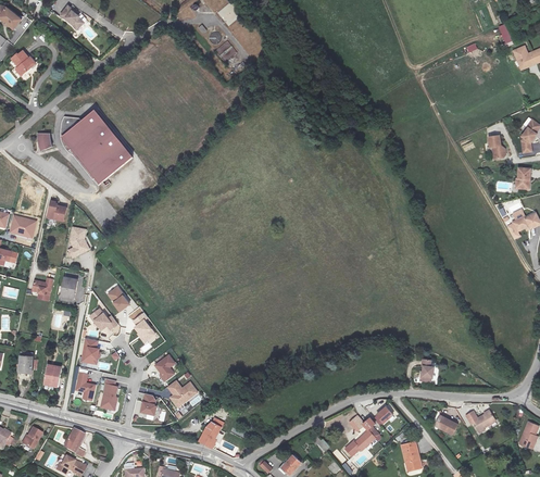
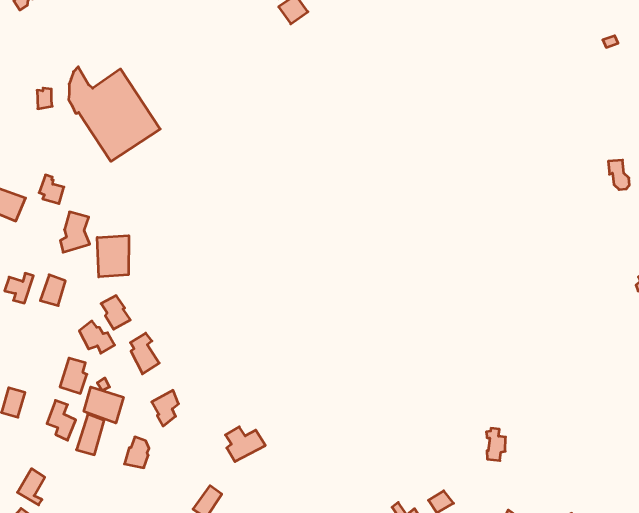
building: none -> [97,236,129,277]
building: none -> [84,387,123,423]
building: [167,379,199,406] -> [225,427,265,462]

